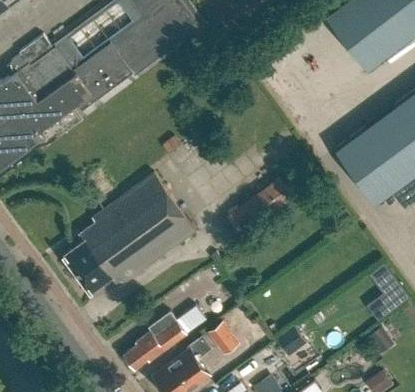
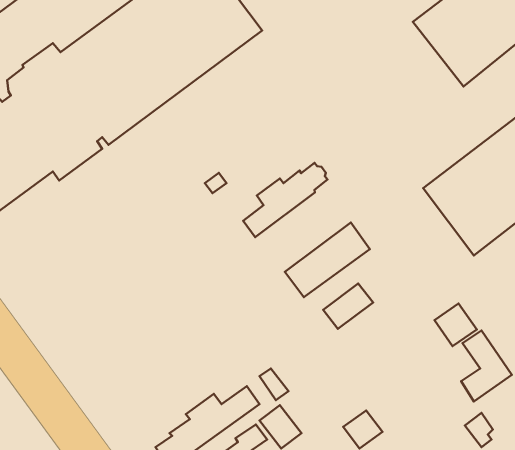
building: none -> [243,163,328,237]
building: [63,174,196,294] -> none
building: none -> [323,284,373,329]
building: none -> [434,303,477,346]

